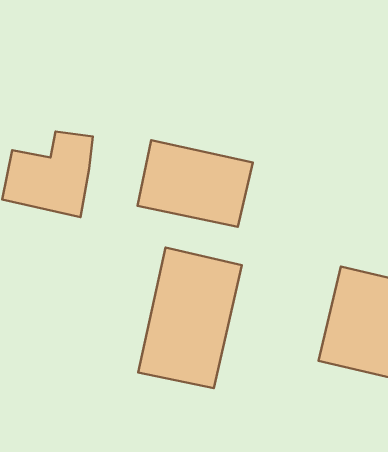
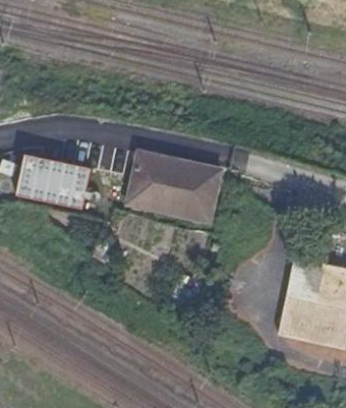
building: [138,247,242,388] -> none

